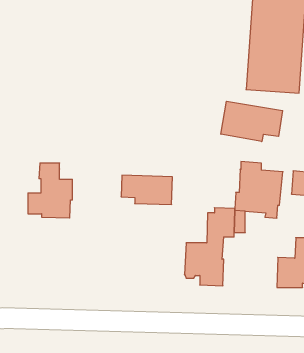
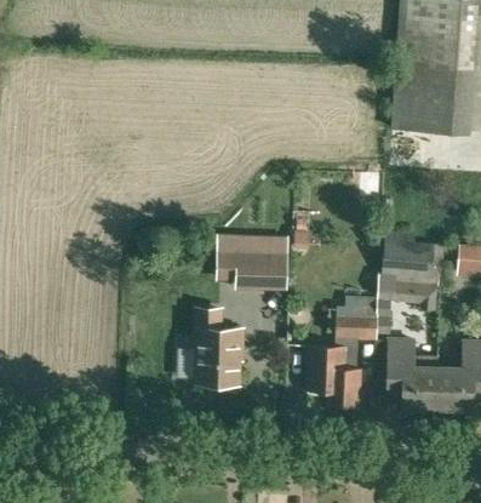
building: [221,101,283,142] -> none
building: [28,163,72,218] -> [179,307,242,384]
building: none -> [386,337,439,408]

